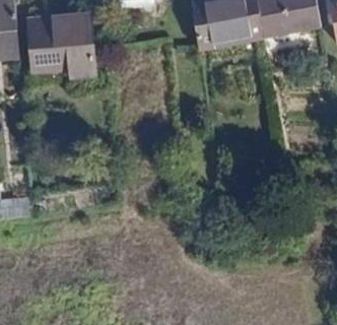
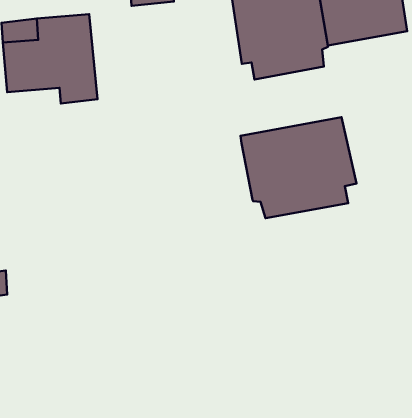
building: none -> [240,117,356,218]

